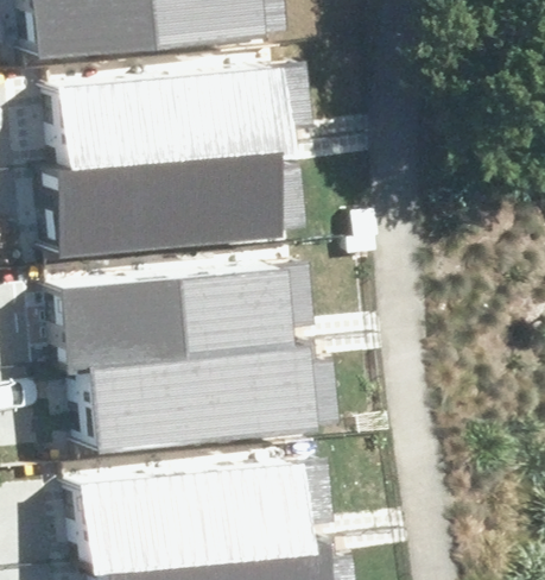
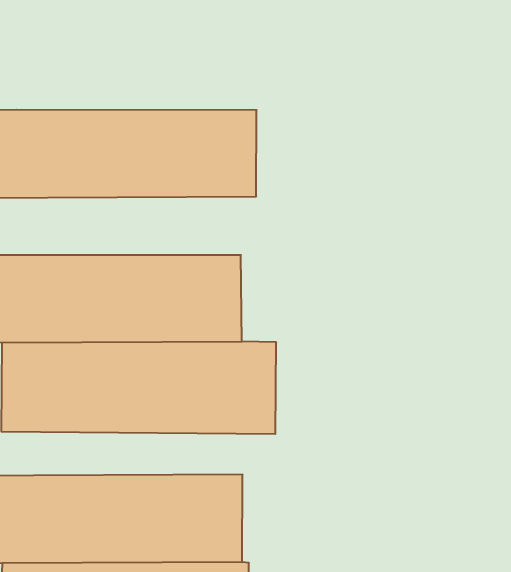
building: [63,65,285,164] -> none

